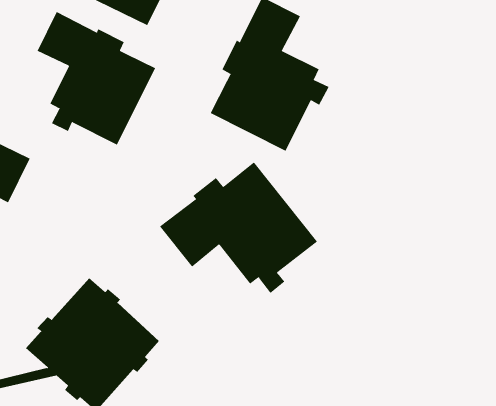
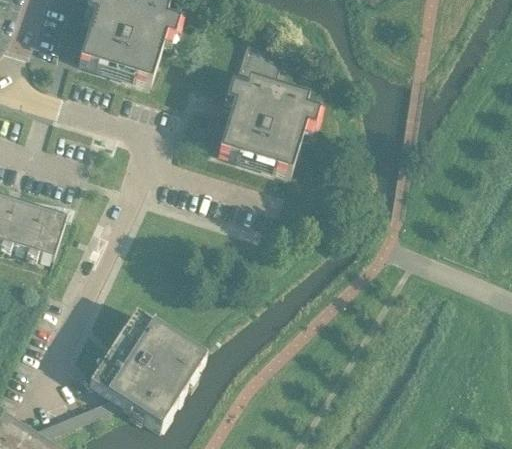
building: [37,11,156,146] -> none
building: [159,162,318,294] -> none

